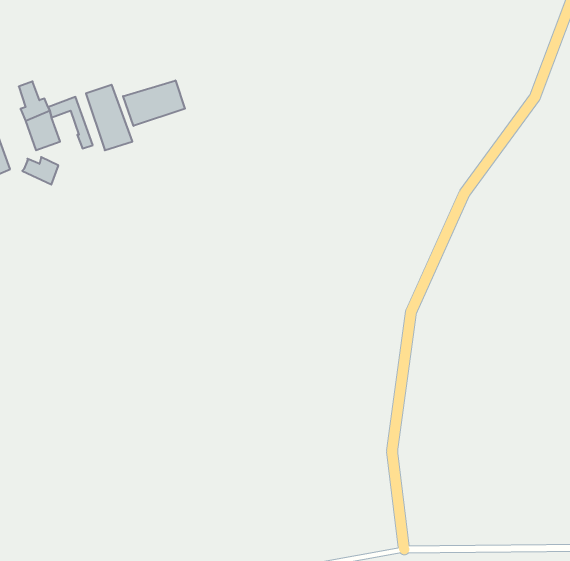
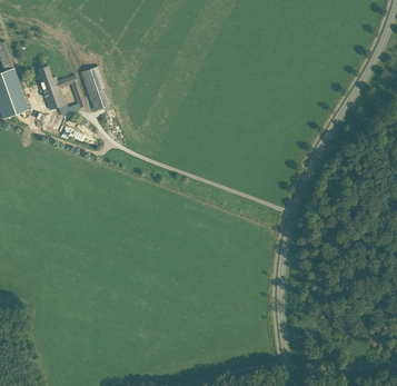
building: [123,80,185,126] -> none

